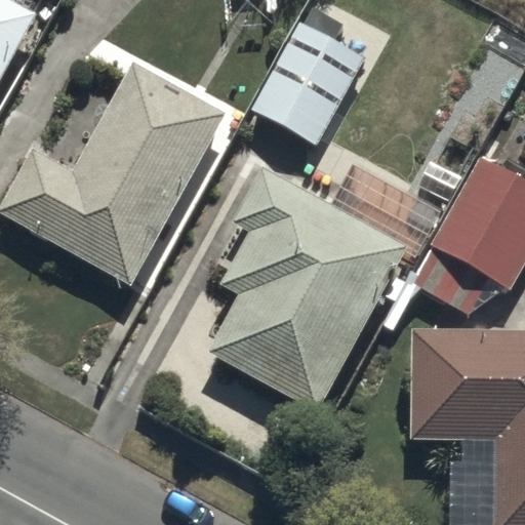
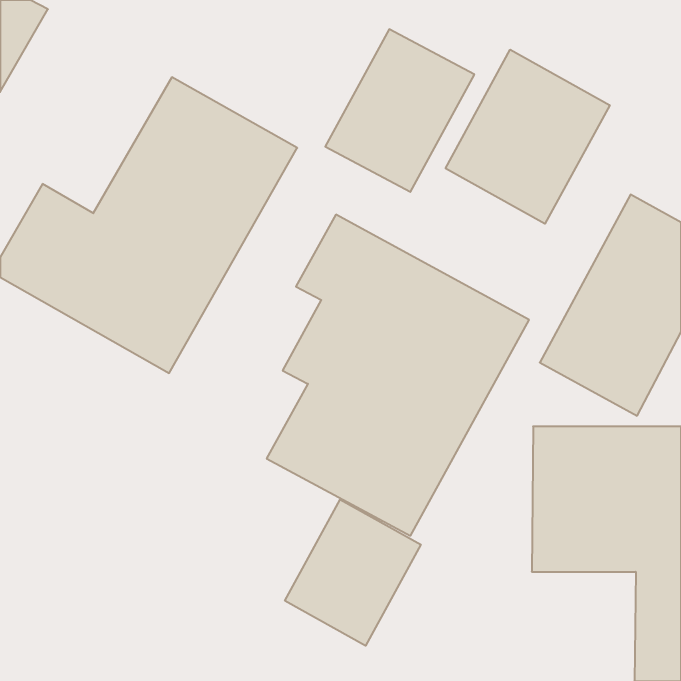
building: none -> [446,50,610,224]
building: none -> [285,499,421,646]

